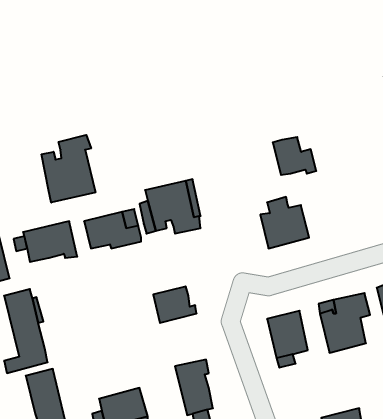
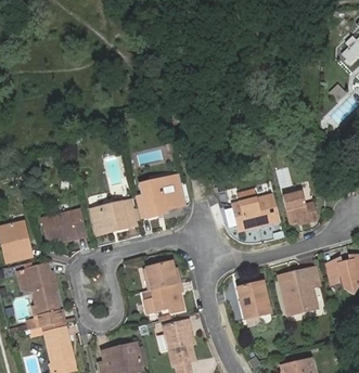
building: [42,135,95,203] -> none
building: [273,137,316,175] -> [283,192,318,222]
building: none -> [143,283,183,312]

